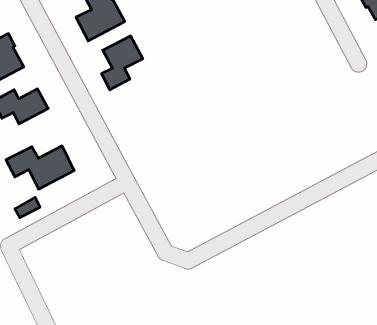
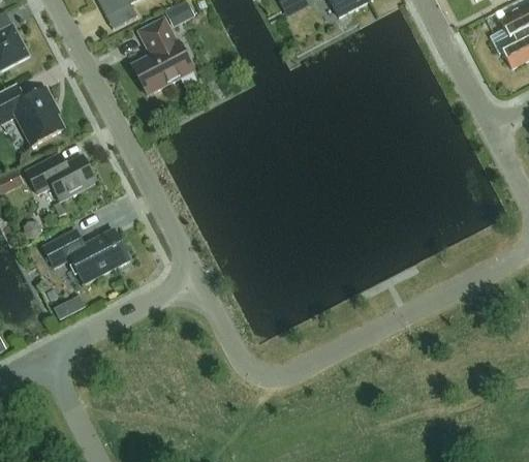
building: [102,36,143,90] -> none

